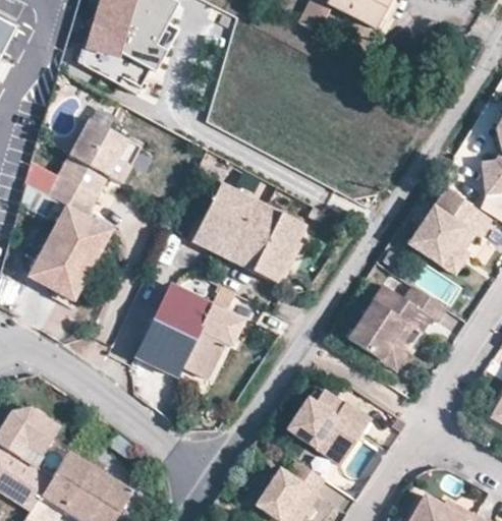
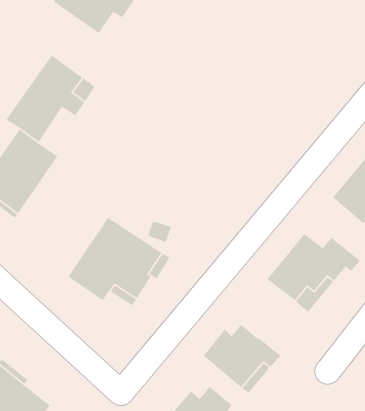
building: [191,182,304,280] -> none

